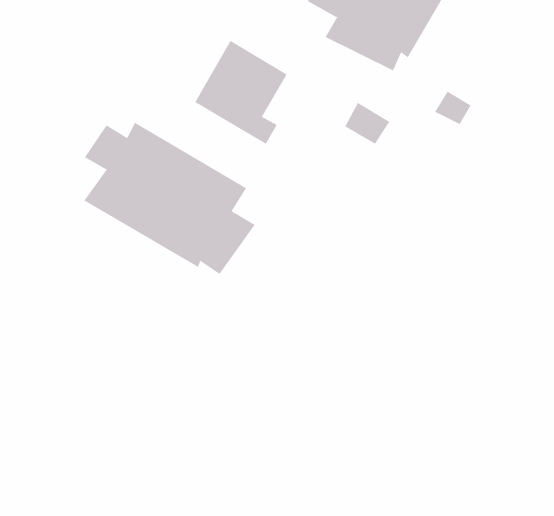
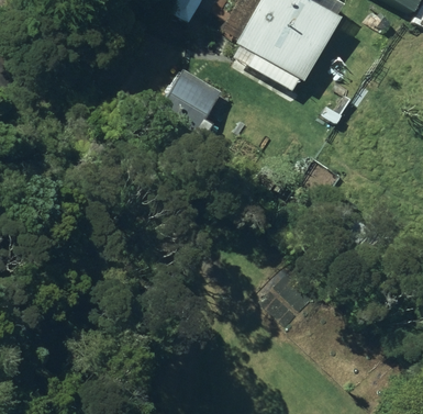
building: [84,122,256,275] -> none

